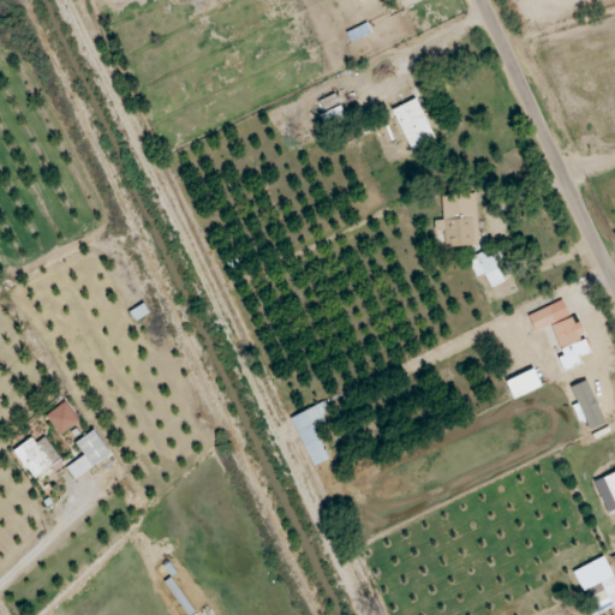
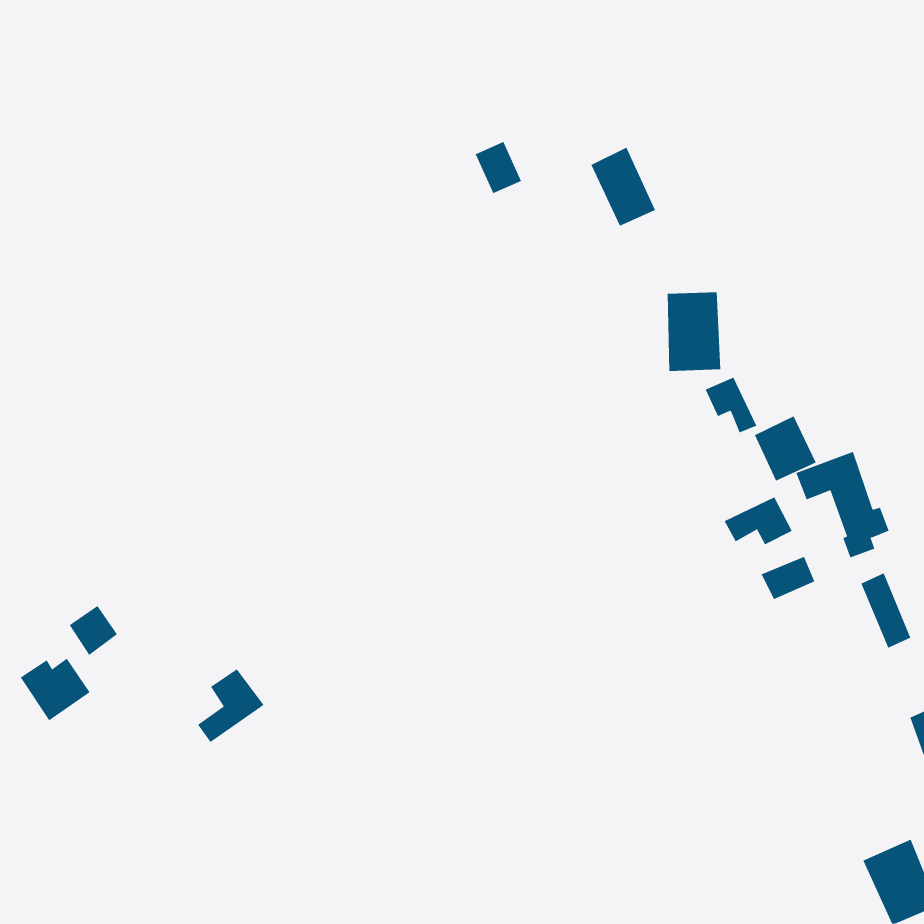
building: none -> [754,416,817,481]
building: none -> [724,496,793,545]
building: [291,402,332,466] -> none
building: [67,430,112,479] -> [197,669,264,743]

